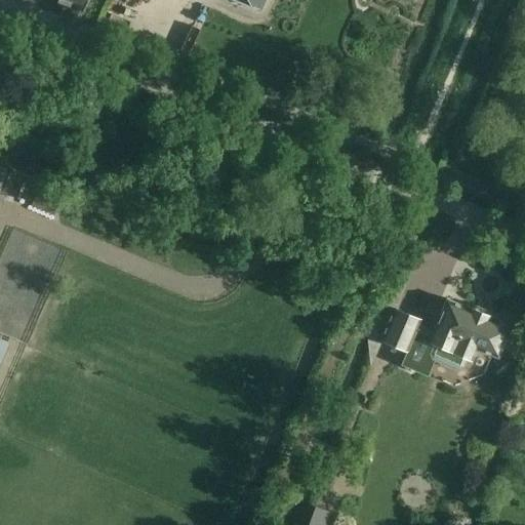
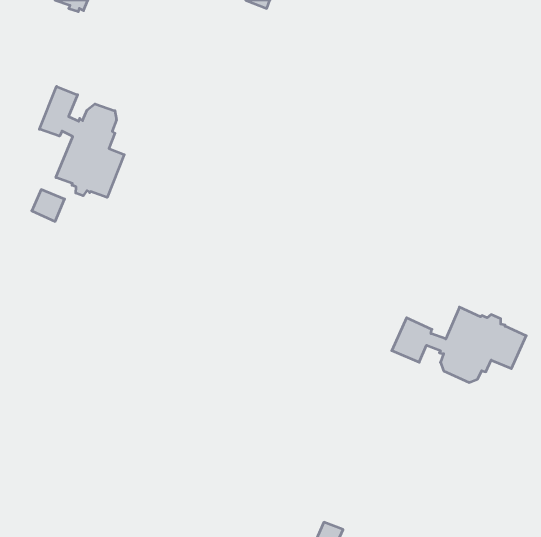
building: none -> [39,86,124,197]

